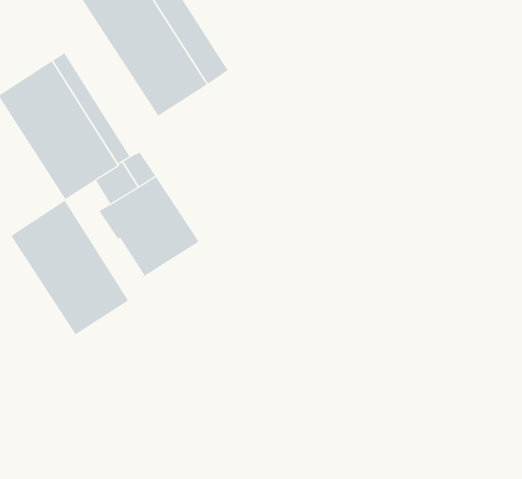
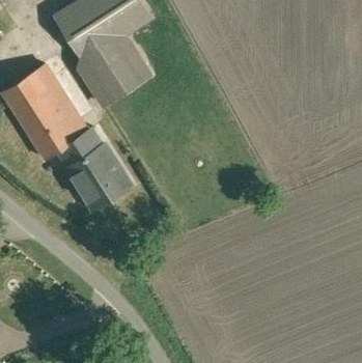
building: [11,200,129,335] -> none

